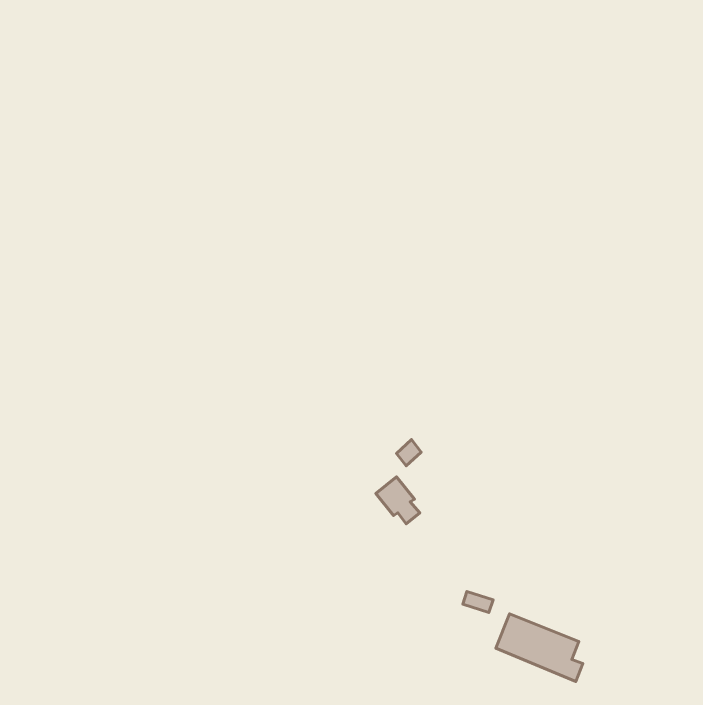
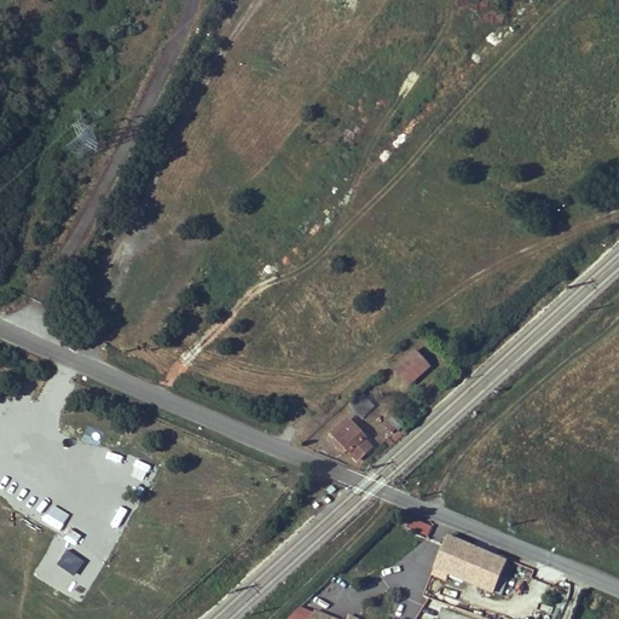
building: none -> [389,343,432,384]

